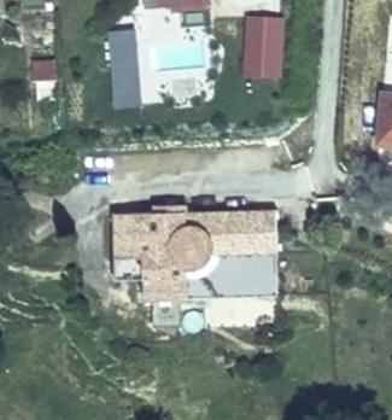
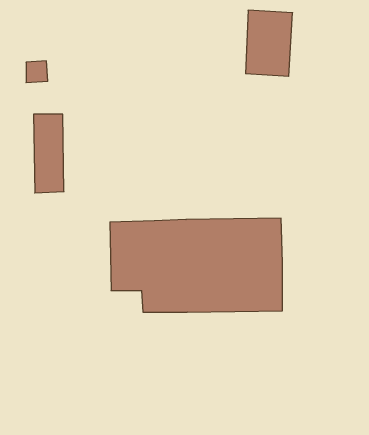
building: [111,25,140,100] -> [34,114,64,193]

